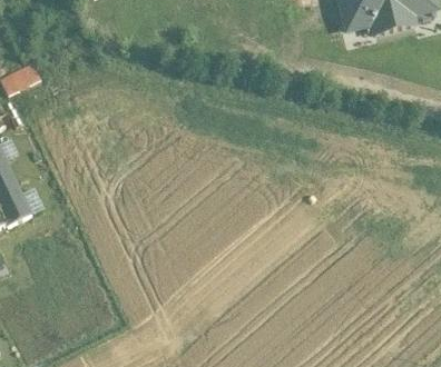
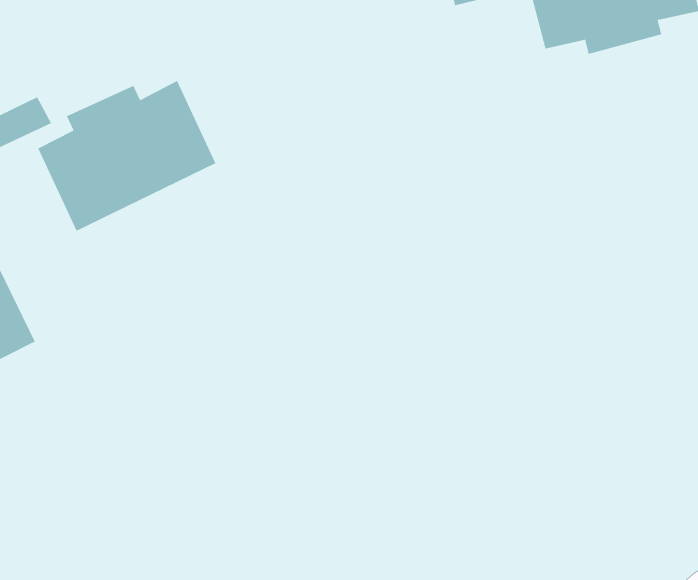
building: none -> [37,80,216,232]

